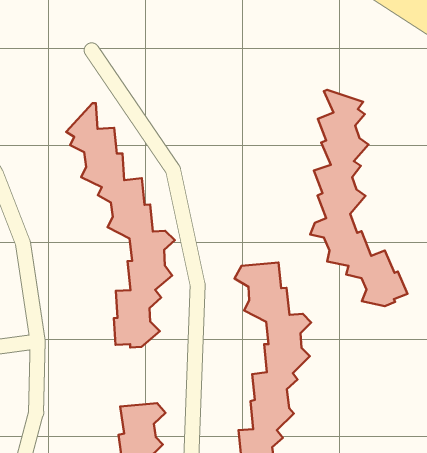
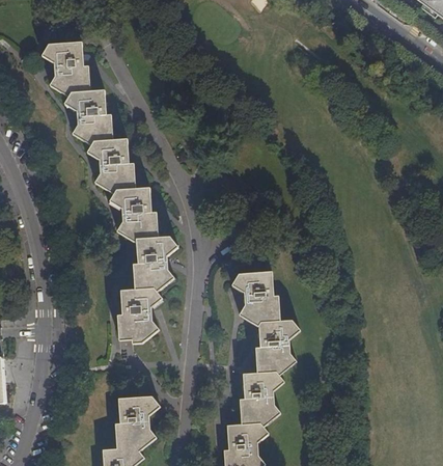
building: none -> [43,42,109,140]
building: [310,90,408,306] -> none

